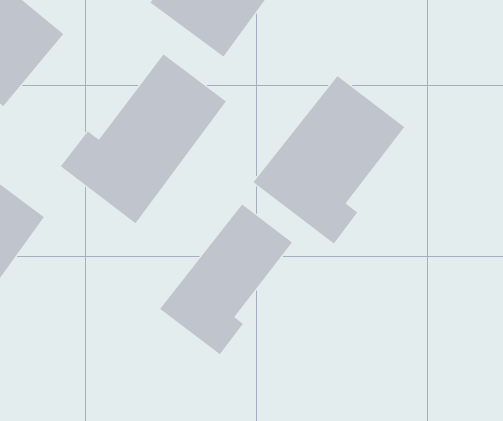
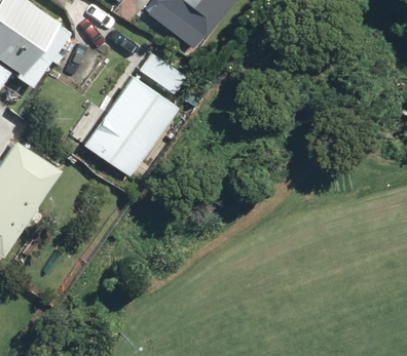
building: [252,75,405,244] -> none
building: [159,203,293,355] -> none

